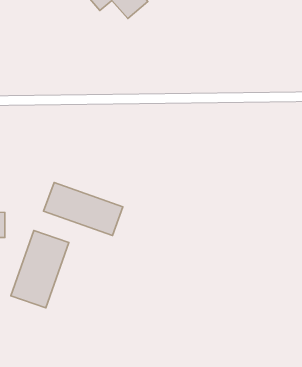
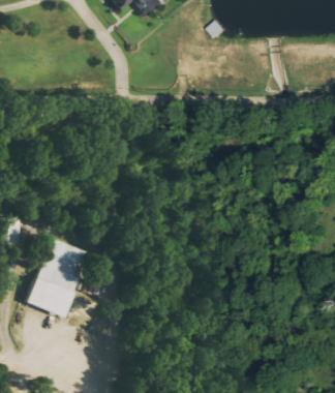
building: [44,182,123,236] -> none

